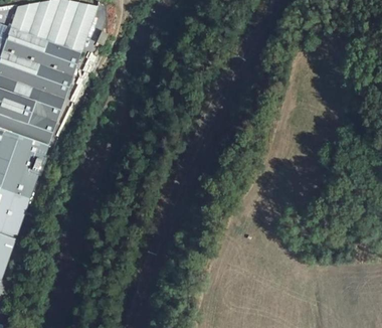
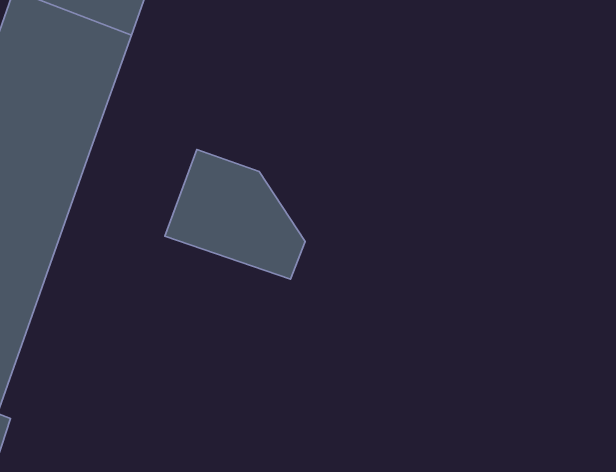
building: none -> [165,149,305,279]

